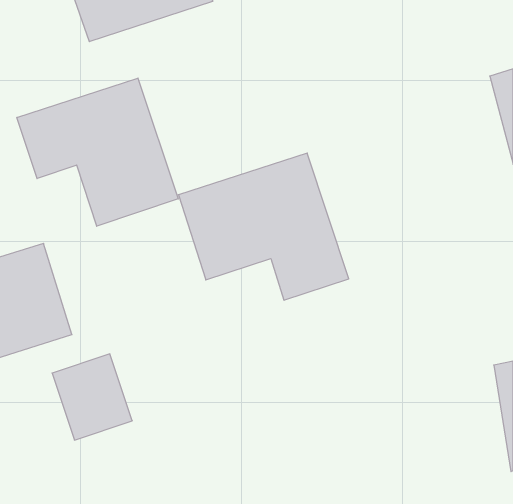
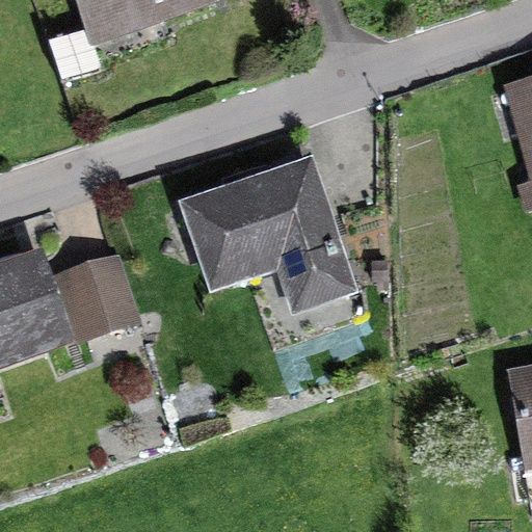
building: [17,78,178,226] -> none
building: [52,354,132,440] -> [58,255,140,343]

